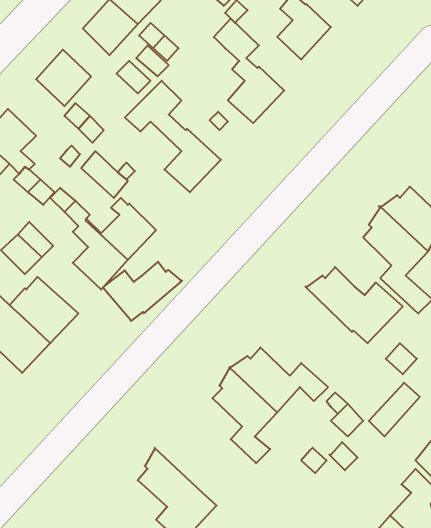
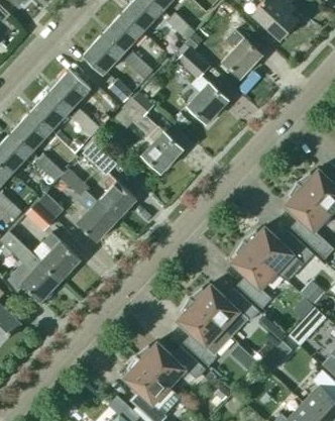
building: none -> [30,92,71,132]
building: [103,262,182,321] -> none
building: none -> [230,240,276,309]
building: none -> [135,342,206,388]

